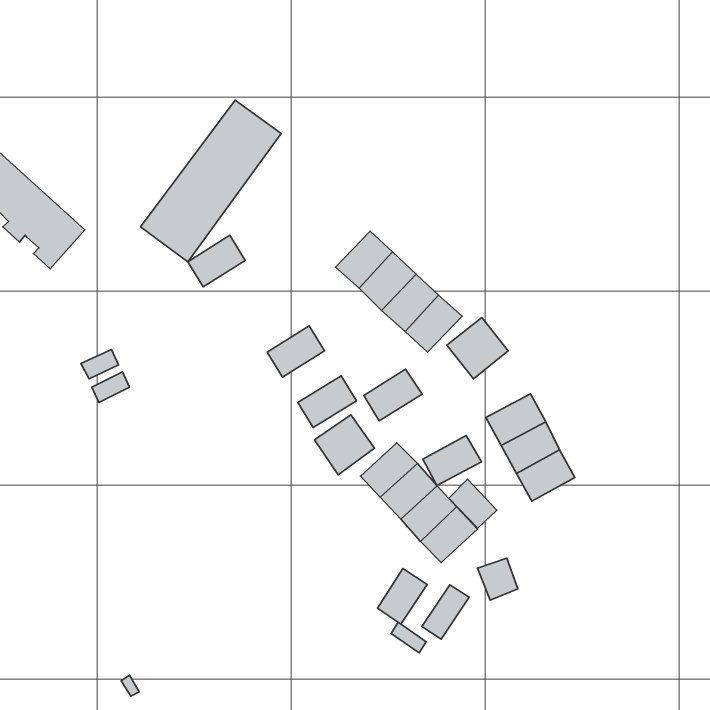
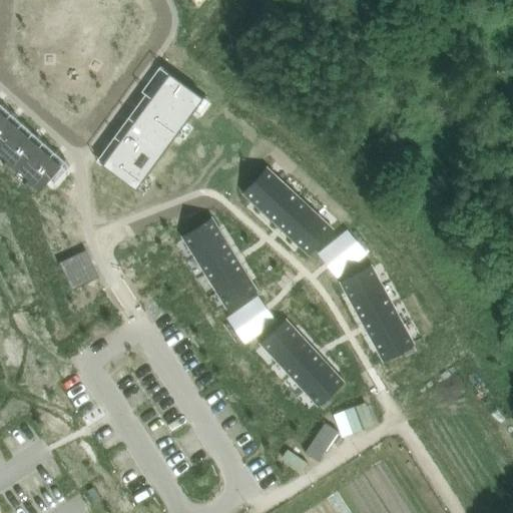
building: [188,235,245,287] -> [181,216,222,253]
building: [364,369,422,421] -> [203,252,245,290]
building: [423,435,481,486] -> [340,265,382,301]
building: [449,479,497,528] -> none
building: [378,569,427,624] -> none

